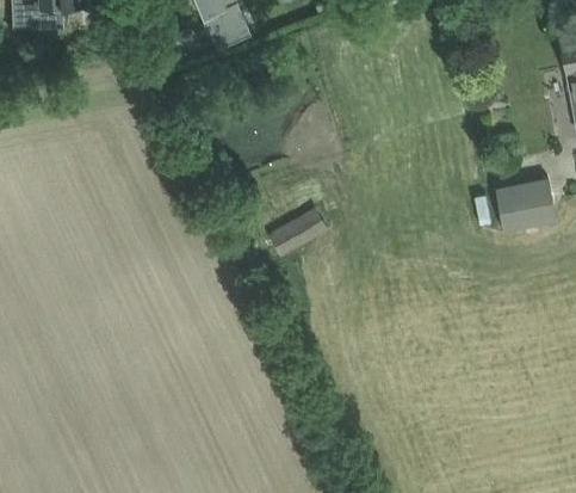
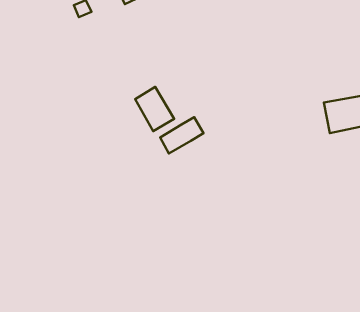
building: none -> [135,87,174,131]

